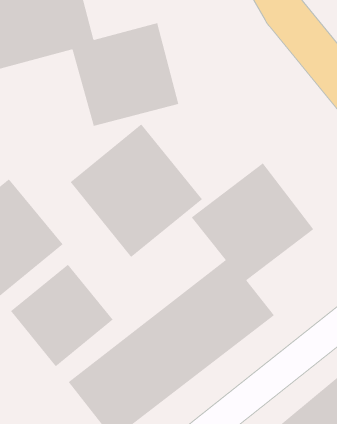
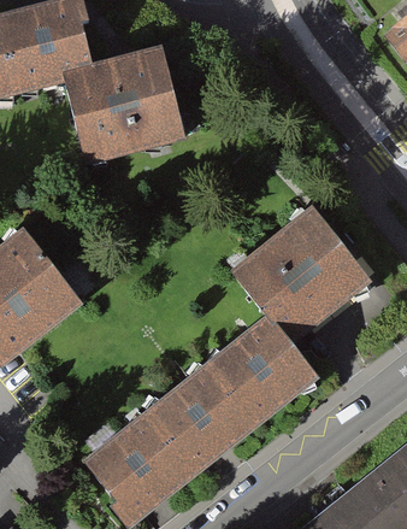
building: [70,124,203,258] -> none
building: [10,264,113,367] -> none

